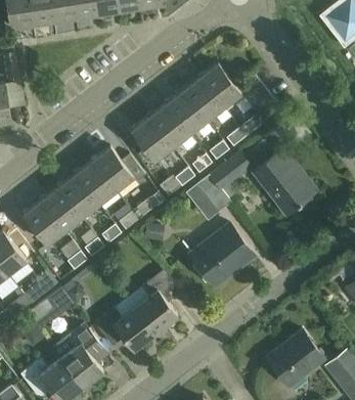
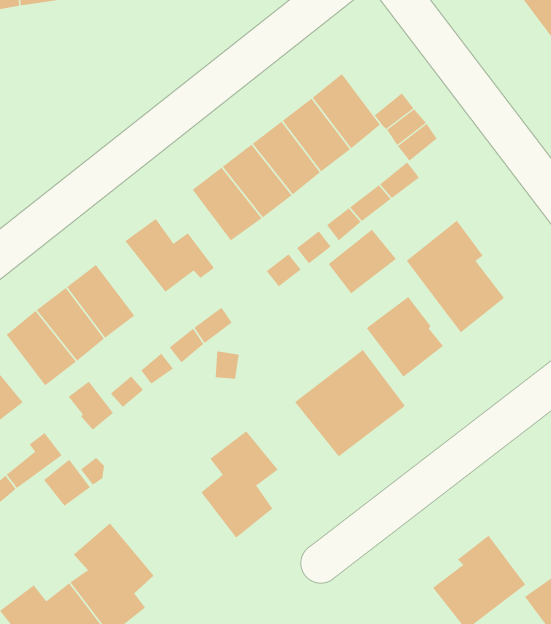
building: [76,161,116,204] -> none
building: [185,174,230,221] -> [366,296,444,378]
building: [94,306,157,350] -> none

